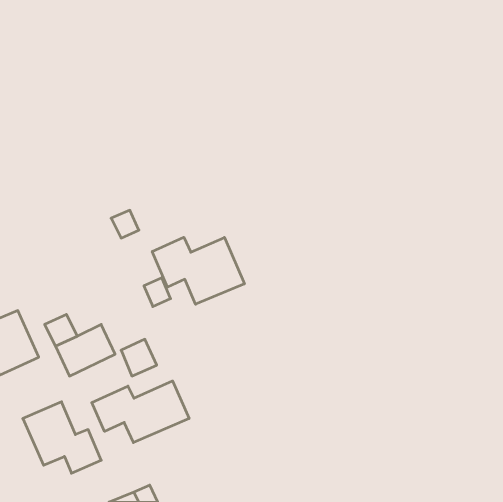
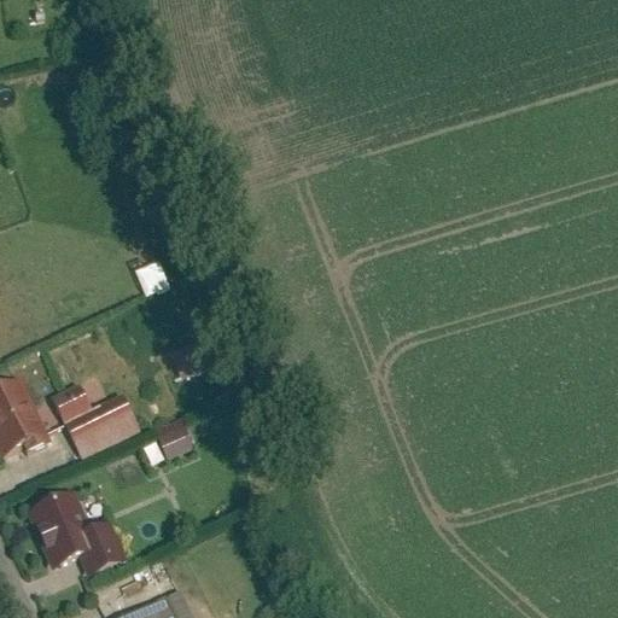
building: [152,237,244,304] -> none
building: [92,381,189,443] -> none

